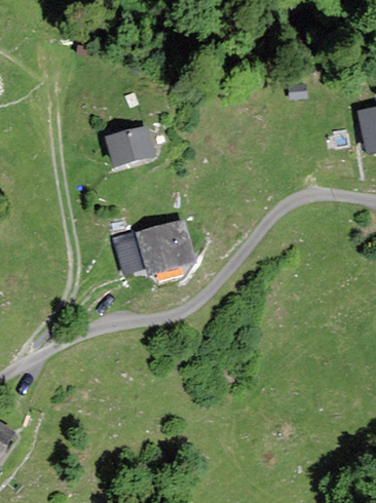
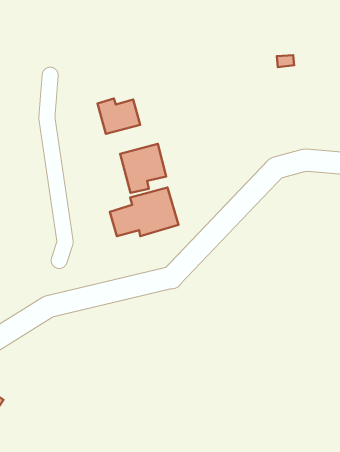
building: none -> [120,144,166,193]

